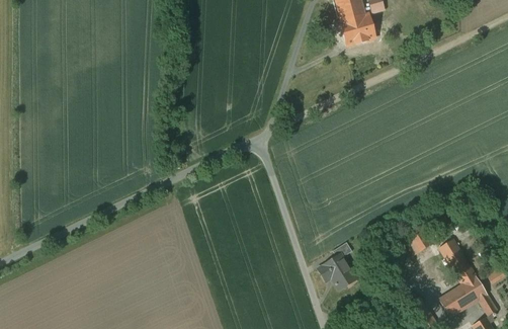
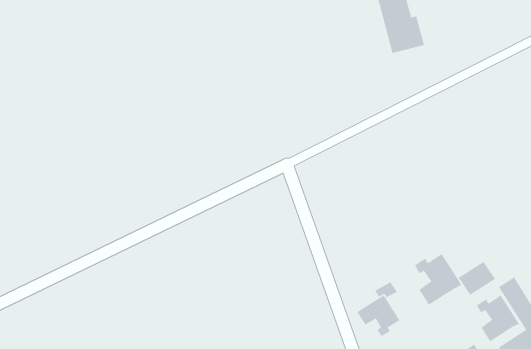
building: none -> [414,249,462,306]
building: none -> [476,290,519,342]

